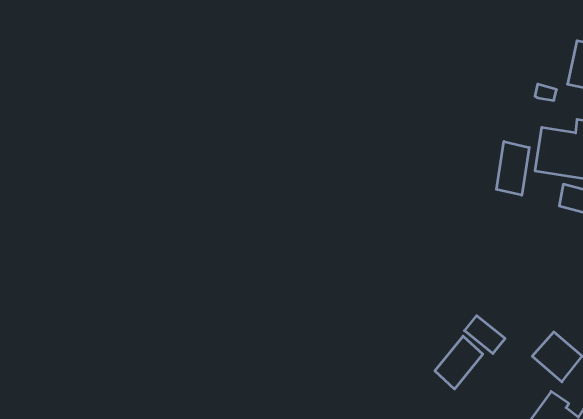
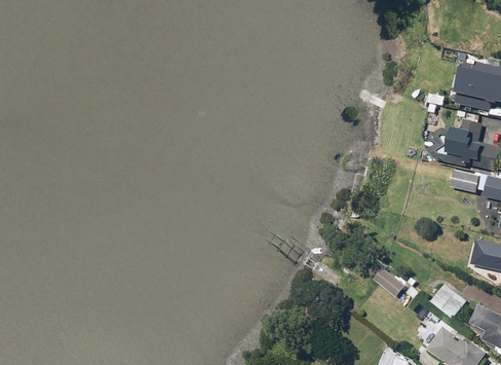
building: [496,141,529,195] -> none
building: [435,336,483,389] -> none

